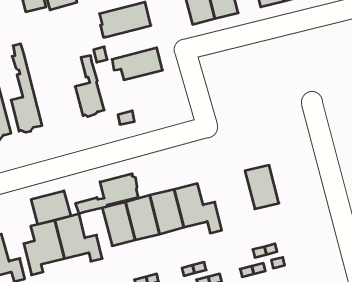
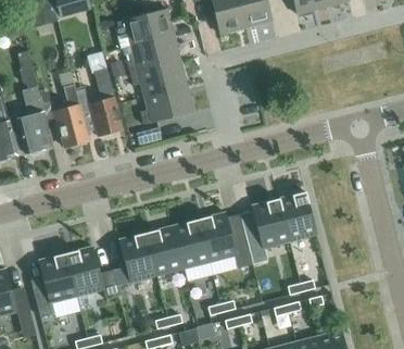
building: none -> [122,35,179,73]
building: none -> [51,84,88,147]
building: none -> [139,85,192,124]
building: none -> [251,198,289,248]
building: [76,174,138,214] -> none
building: [31,191,71,224] -> none

